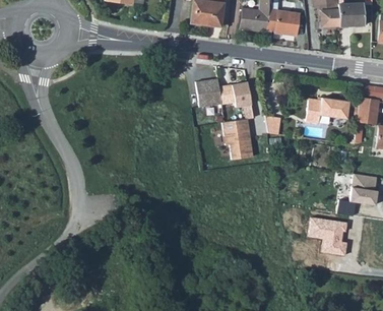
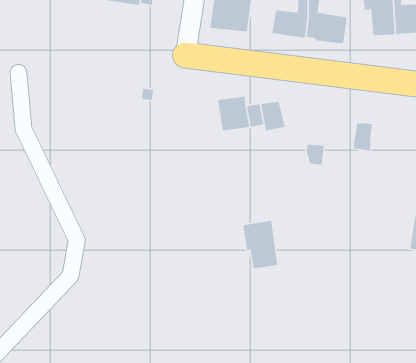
building: [319,98,348,119] -> none
building: [224,115,252,154] -> [243,220,278,269]
building: [310,217,349,255] -> none

